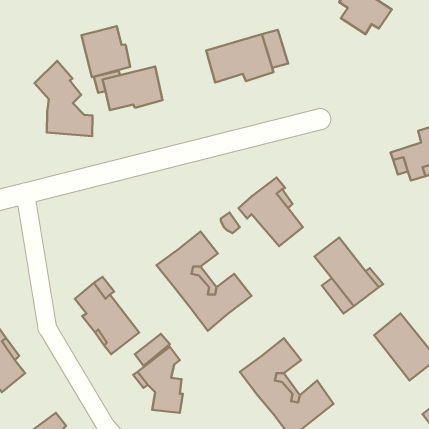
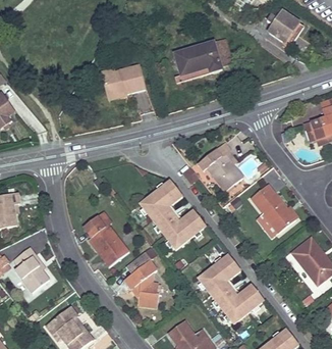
building: [81,26,130,77] -> none
building: [34,61,92,136] -> none

